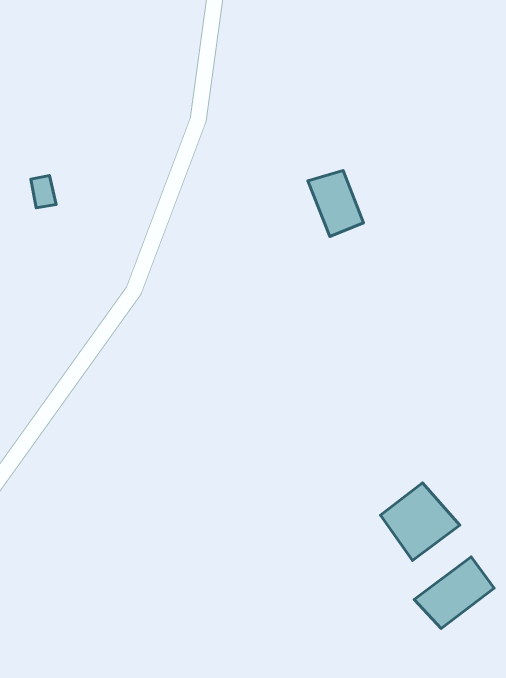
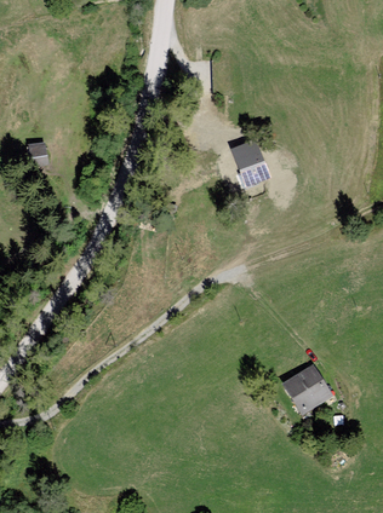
building: [414,557,494,628] -> none

